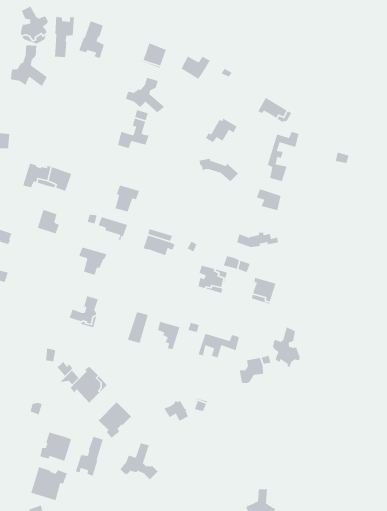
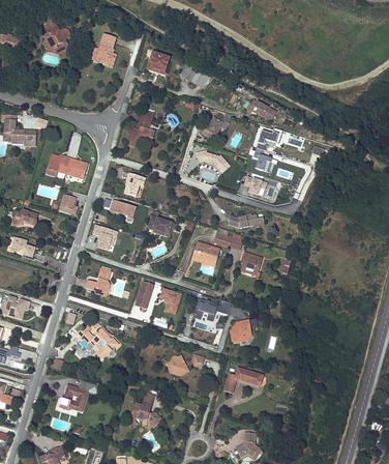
building: [54,16,75,58] -> none
building: [10,45,48,87] -> none
building: [125,77,165,113] -> none
building: [272,326,300,368] -> none
building: [98,401,132,439] -> none
building: none -> [223,368,263,394]
building: [75,436,104,477] -> none
building: [30,466,68,501] -> none

